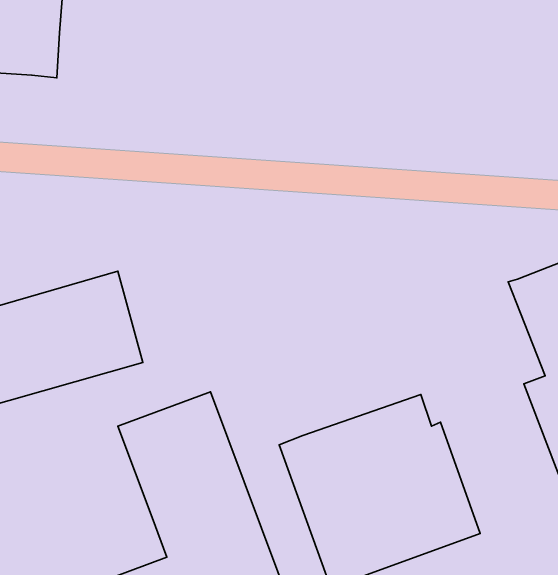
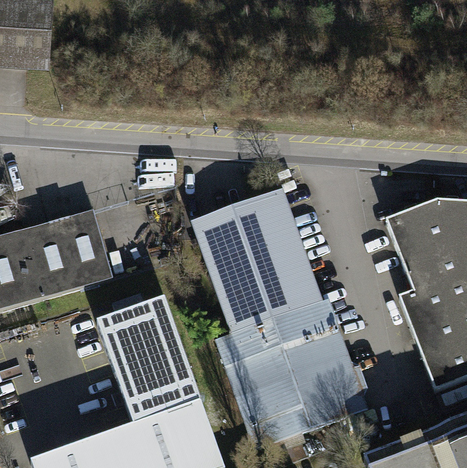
building: none -> [194,189,323,332]

